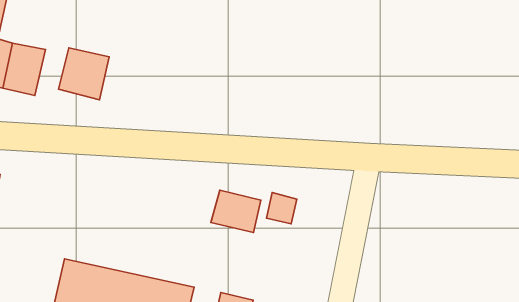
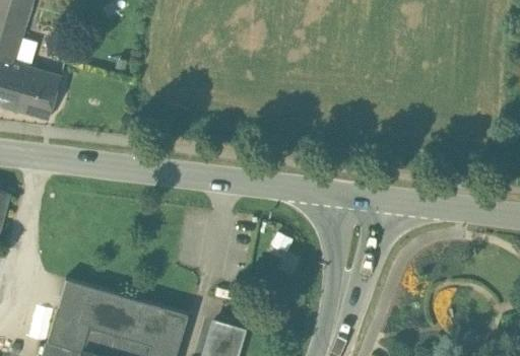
building: [58,48,109,100] -> none
building: [211,190,261,232] -> none

